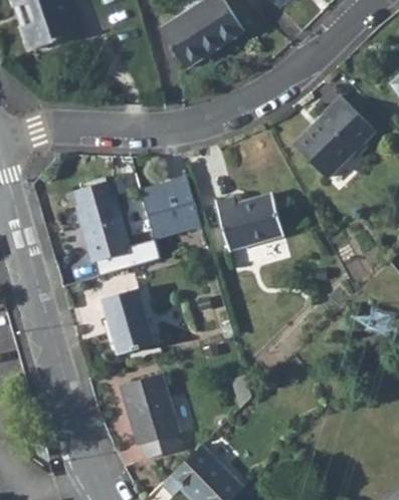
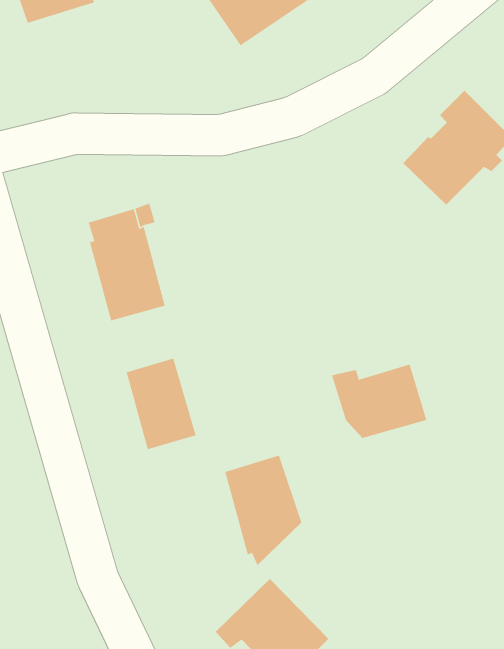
building: [141,176,201,237] -> none
building: [218,196,286,249] -> [331,364,427,439]
building: [121,373,176,453] -> [225,455,302,566]

